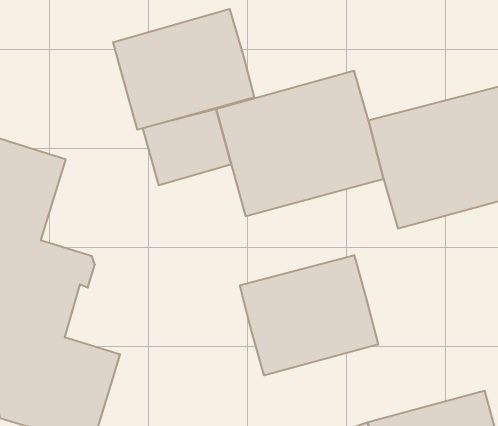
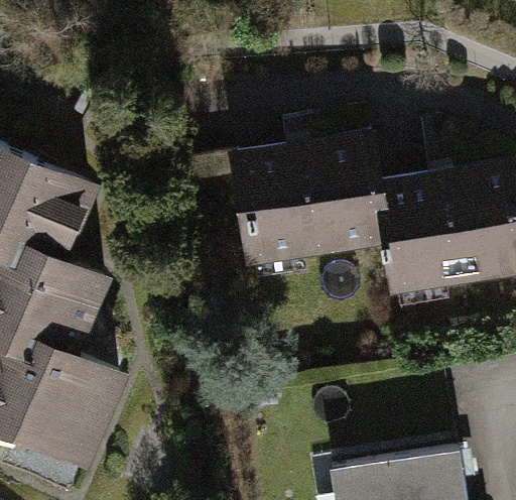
building: [113,9,254,130] -> none
building: [240,255,378,375] -> none

